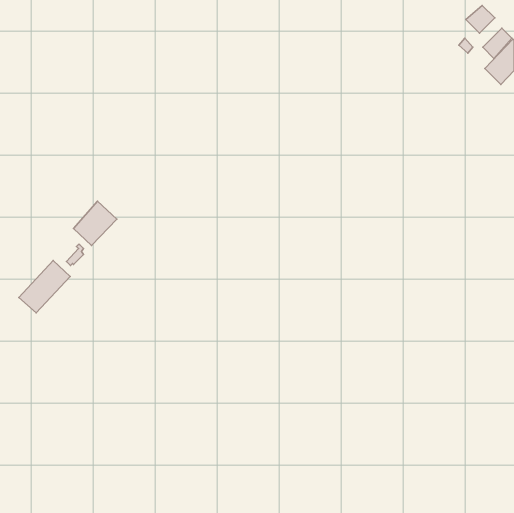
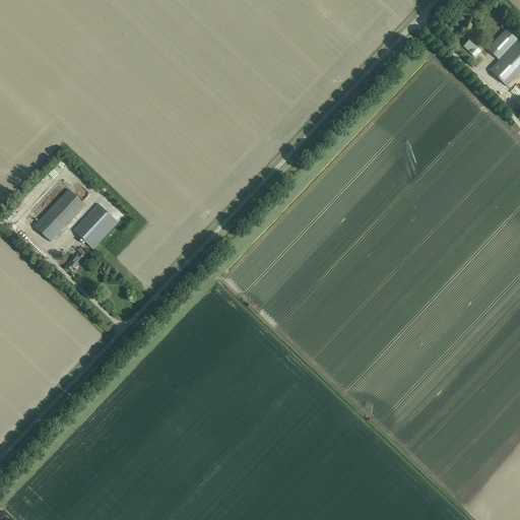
building: [466,6,495,33] -> none
building: [19,260,70,313] -> [34,188,85,241]

